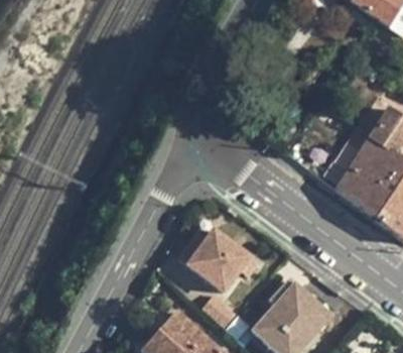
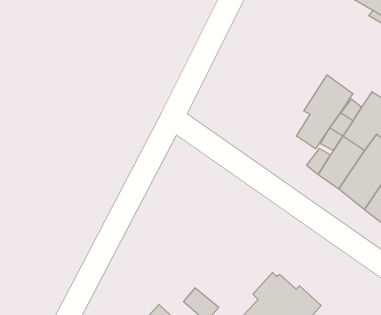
building: none -> [297,75,353,149]
building: [180,231,261,295] -> none

